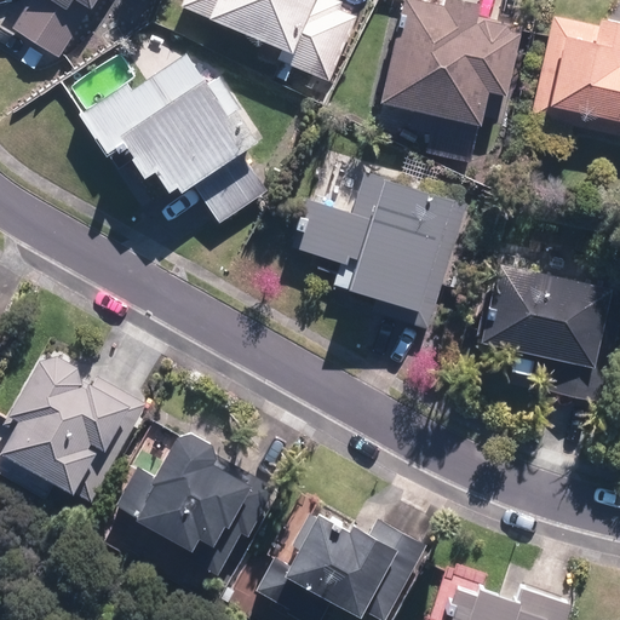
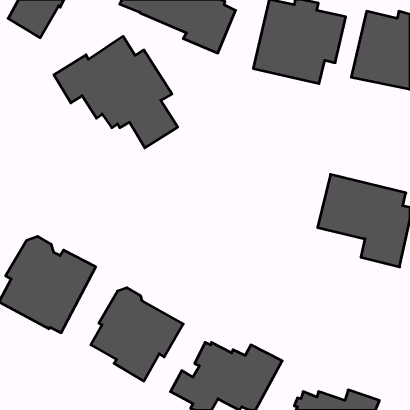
building: [289,178,465,328] -> none

